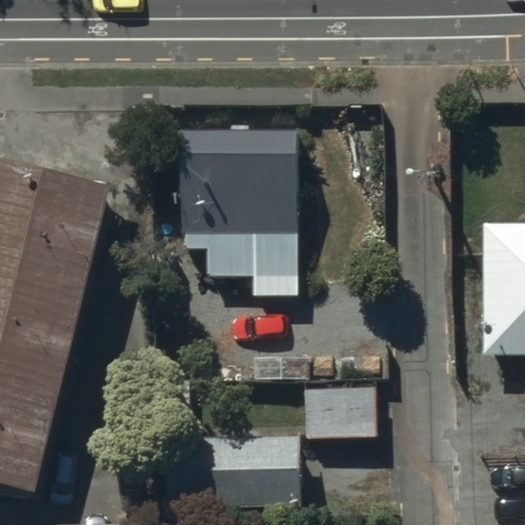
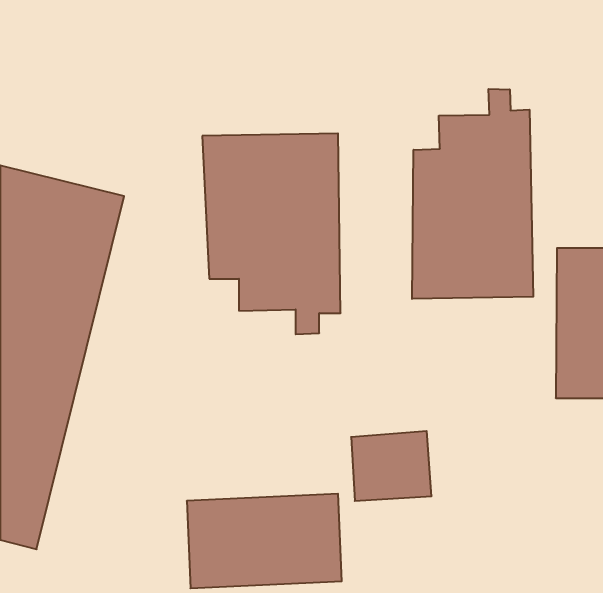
building: none -> [412,89,533,299]

